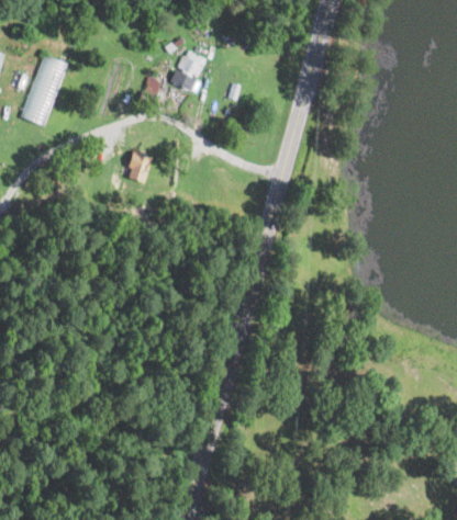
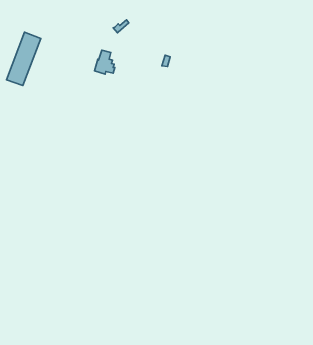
building: [170,49,205,92] -> none
building: [126,150,151,181] -> none

